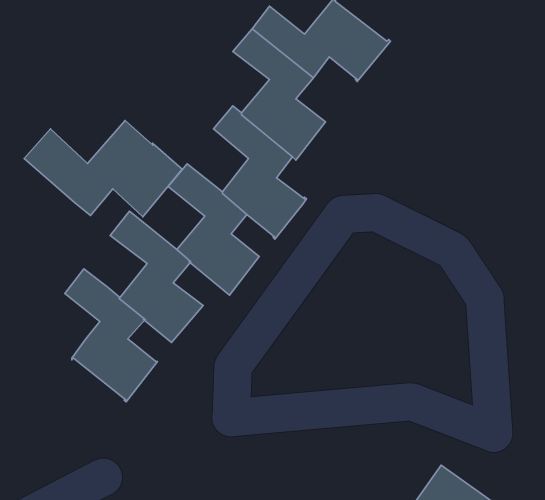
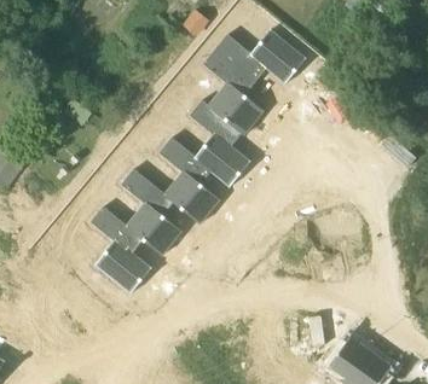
building: [24,120,182,217] -> none

